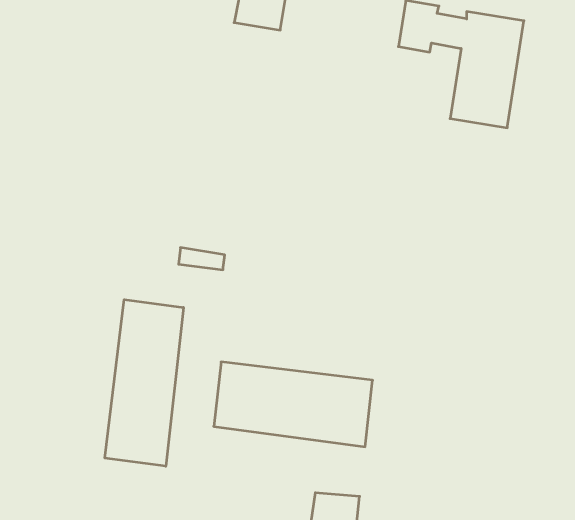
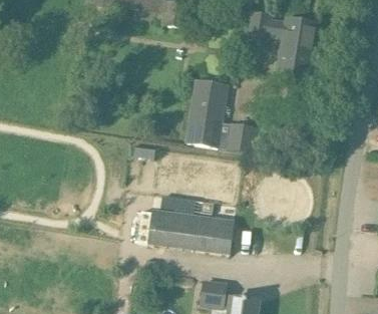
building: none -> [184,78,257,153]
building: [105,300,183,466] -> none

